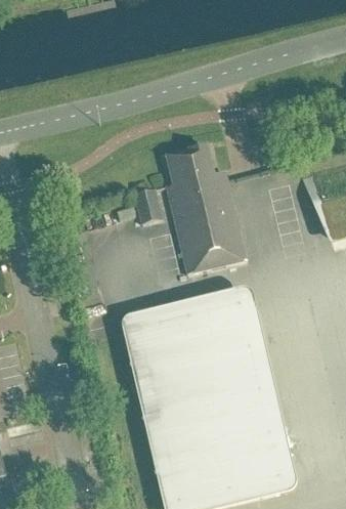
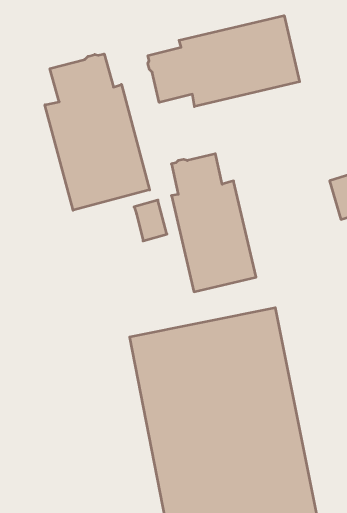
building: none -> [148,16,300,107]
building: none -> [45,54,150,210]

